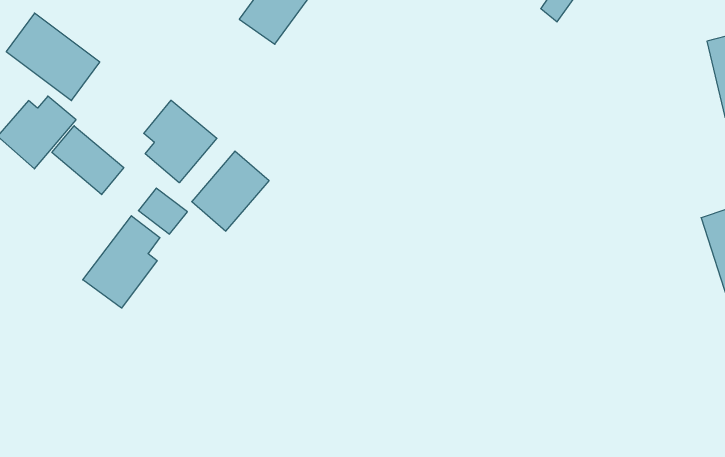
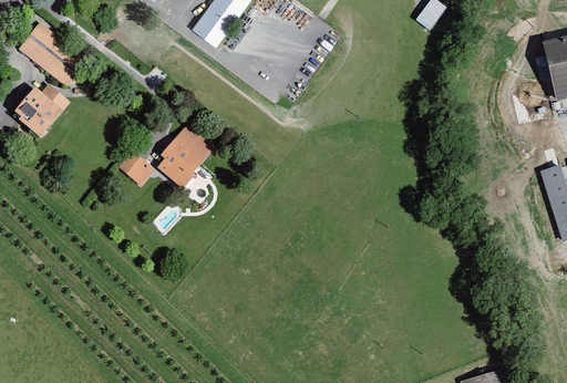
building: [144,100,217,183] -> none
building: [52,126,124,195] -> none
building: [83,216,160,308] -> none

